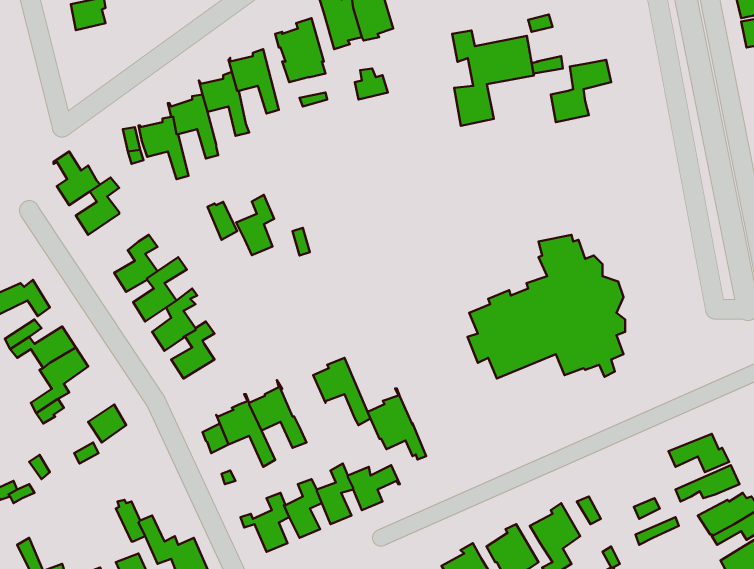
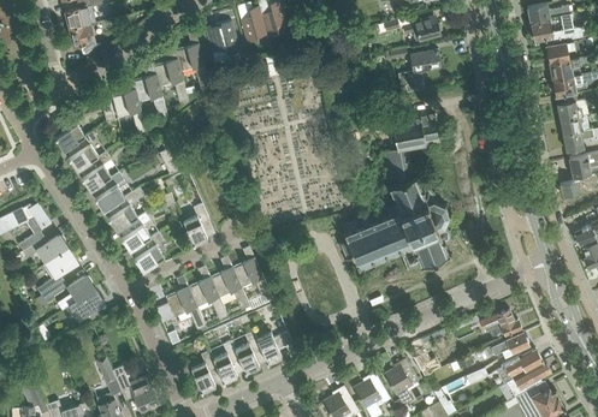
building: none -> [403,17,440,41]
building: none -> [67,23,96,54]
building: [452,31,534,126] -> [383,109,439,175]
building: [236,195,274,255] -> [182,202,208,244]
building: none -> [81,150,111,190]
building: none -> [55,274,94,309]
building: [367,389,426,460] -> [209,262,250,311]

